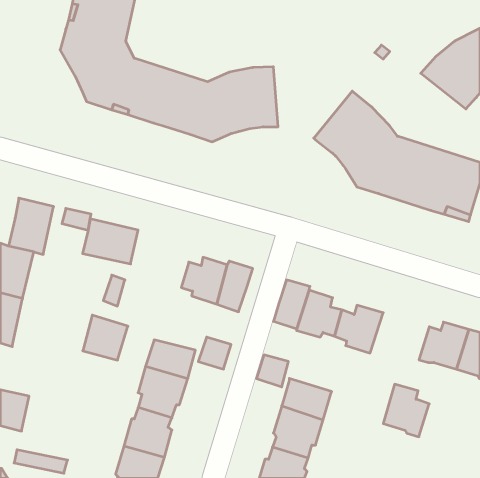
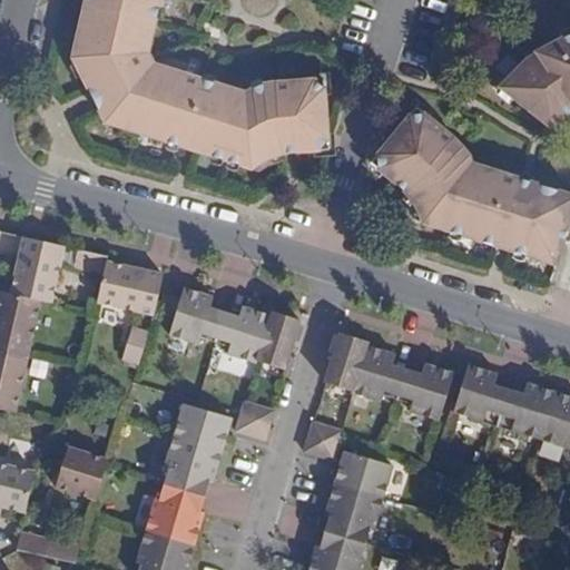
building: none -> [168,286,224,343]
building: [83,315,128,360] -> [55,444,108,498]
building: [383,384,429,437] -> [454,364,509,426]

